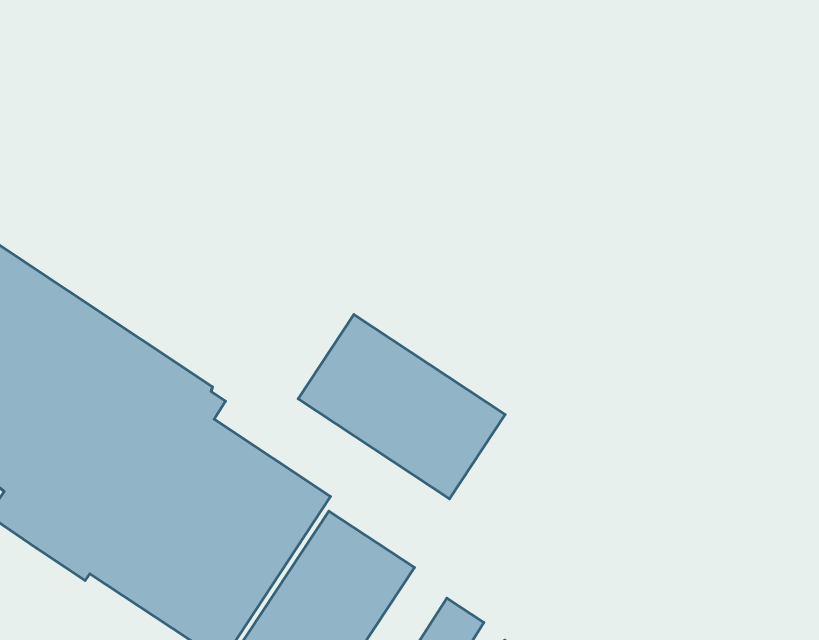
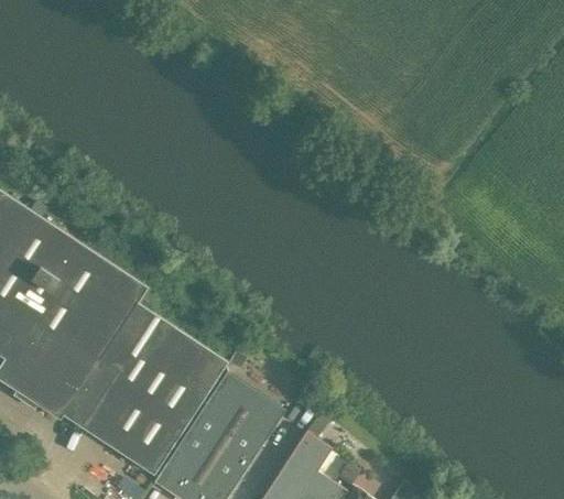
building: [298,315,505,499] -> none

